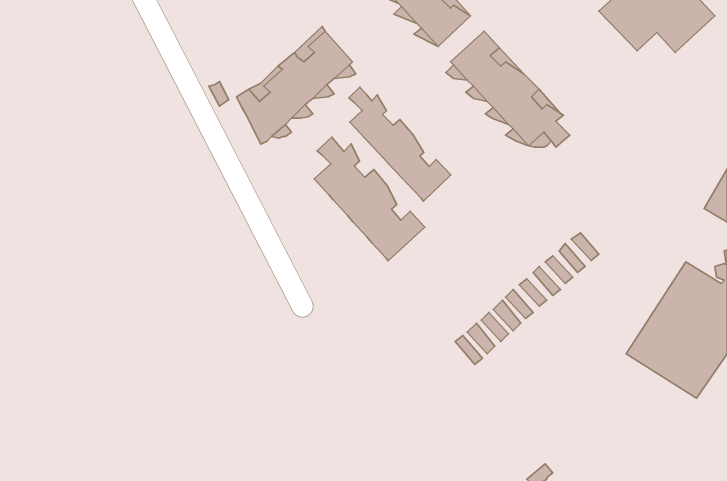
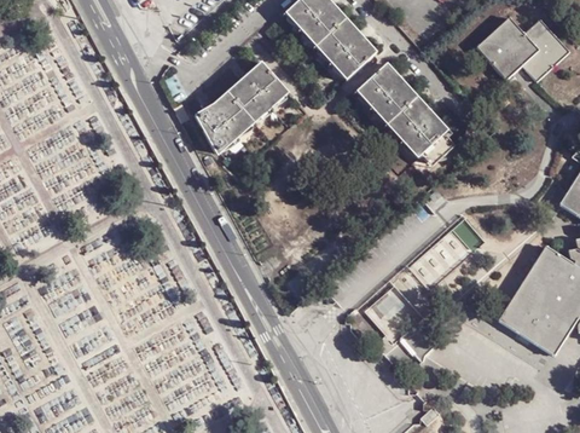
building: [349,87,451,201] -> none
building: [314,137,425,261] -> none

